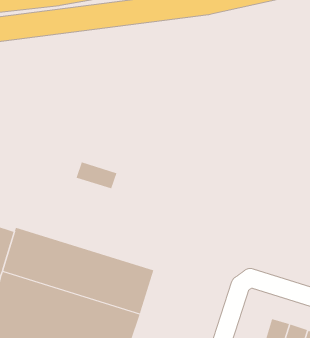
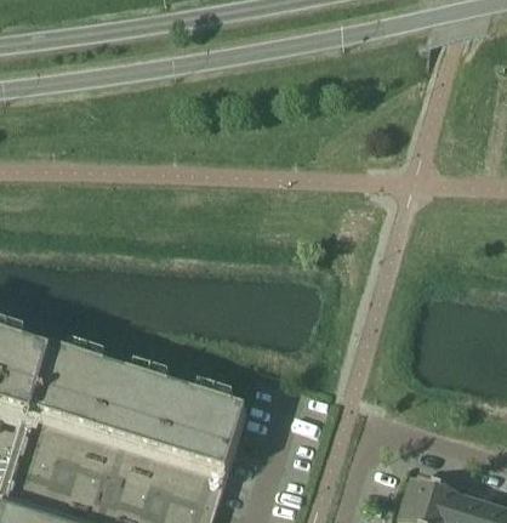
building: [76,162,117,189] -> none

